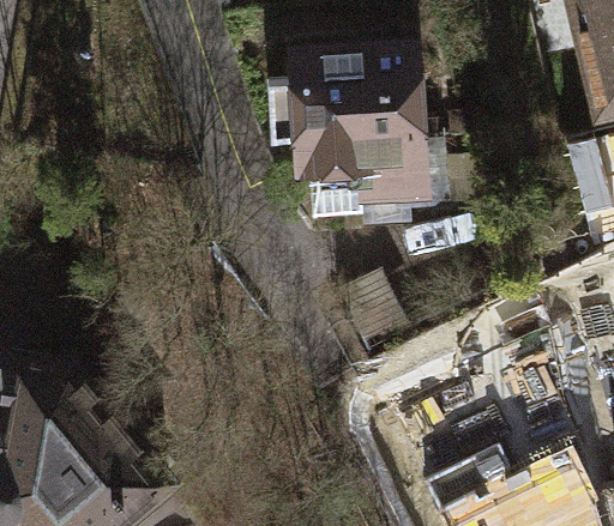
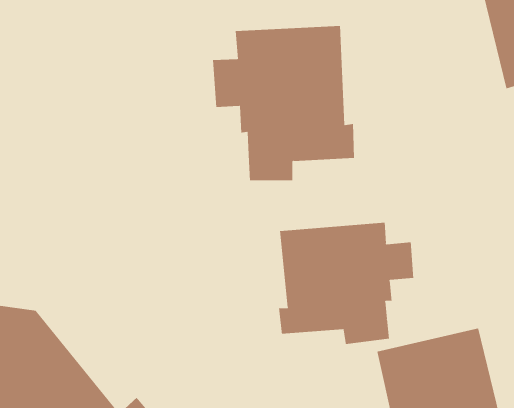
building: none -> [279,222,414,345]

